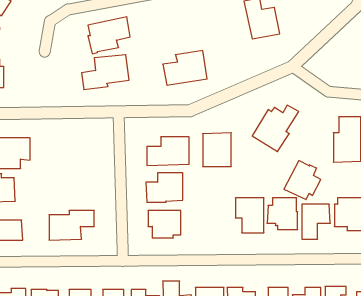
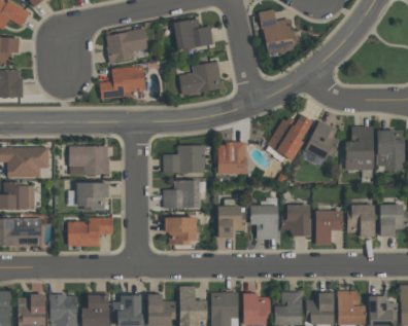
building: none -> [174,17,213,49]
building: none -> [69,145,109,174]
building: [284,161,321,200] -> [304,121,340,159]
building: none -> [77,182,109,210]
building: none -> [217,206,245,238]

